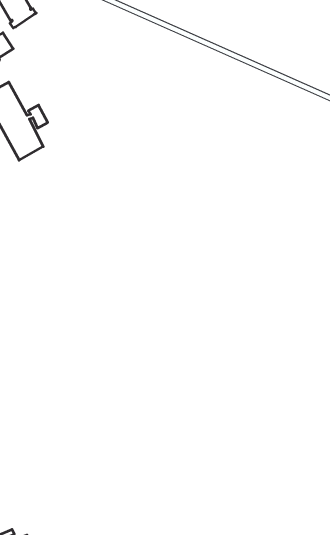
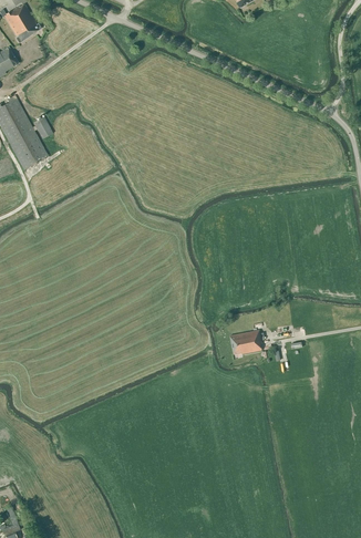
building: none -> [229,329,264,353]

